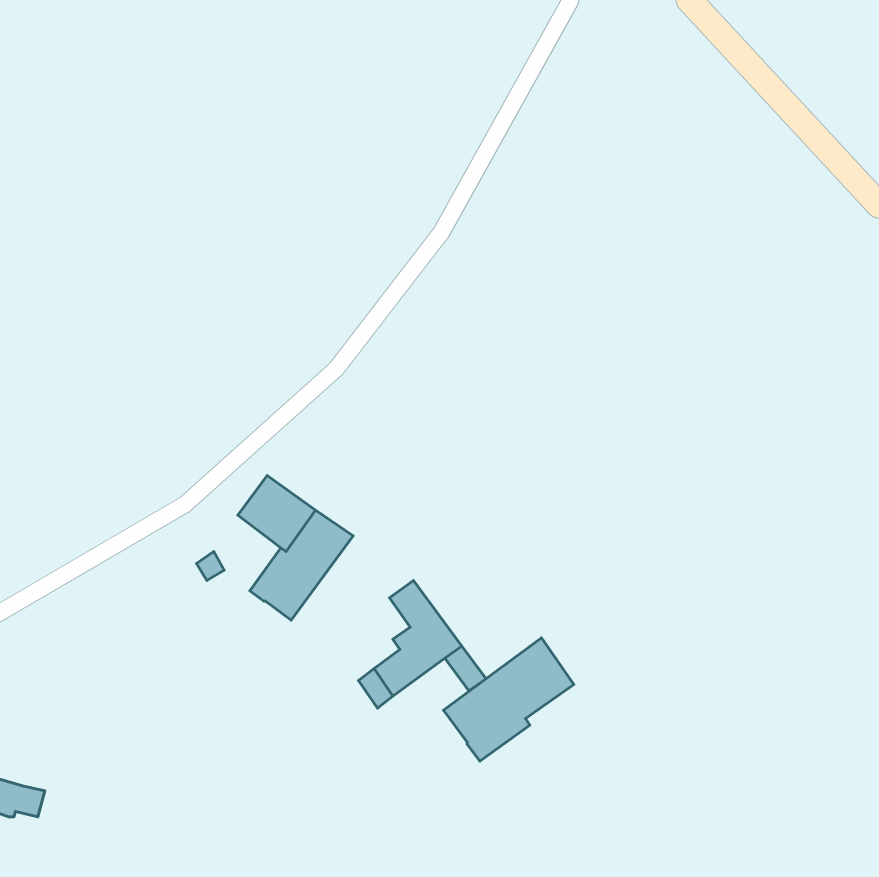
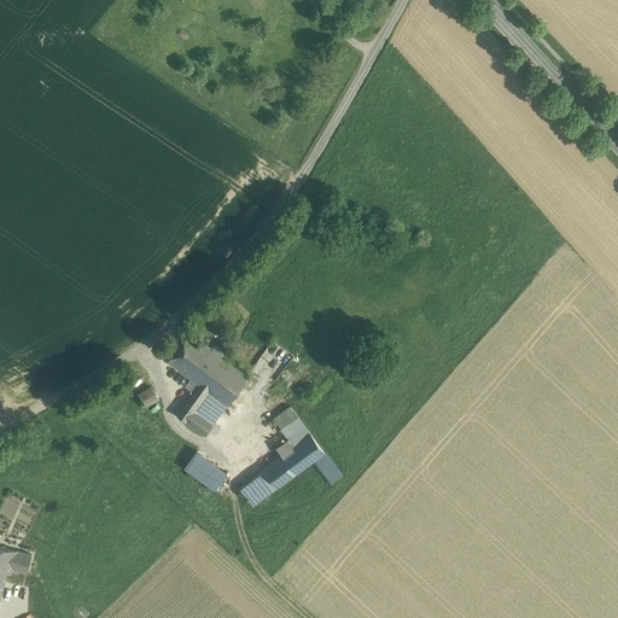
building: [444,638,574,761] -> none
building: none -> [183,453,226,492]

